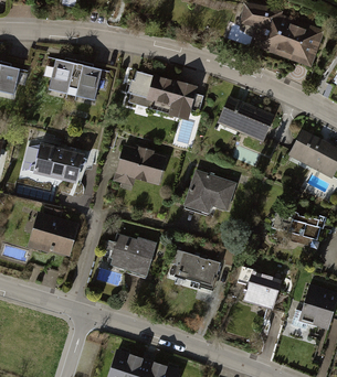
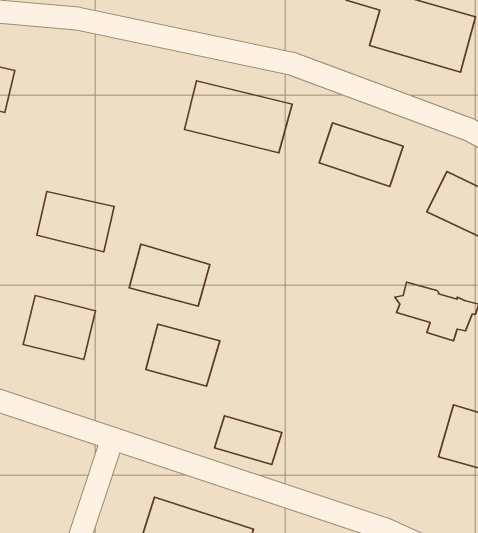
building: [49,62,99,103] -> none
building: [117,144,170,185] -> [129,244,210,306]
building: [183,171,236,215] -> none
building: [172,252,217,284] -> [215,416,282,464]
building: [240,268,280,306] -> none

